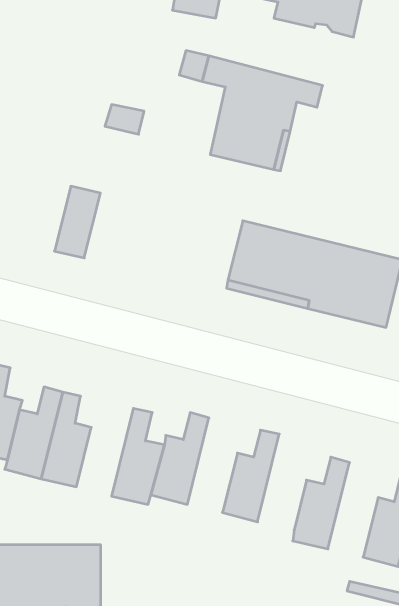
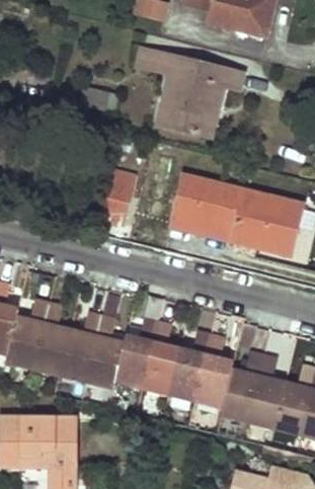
building: [54,186,100,258] -> [99,169,134,223]
building: none -> [59,312,101,381]
building: none -> [142,322,179,393]
building: none -> [194,334,233,406]
building: none -> [247,355,285,426]

